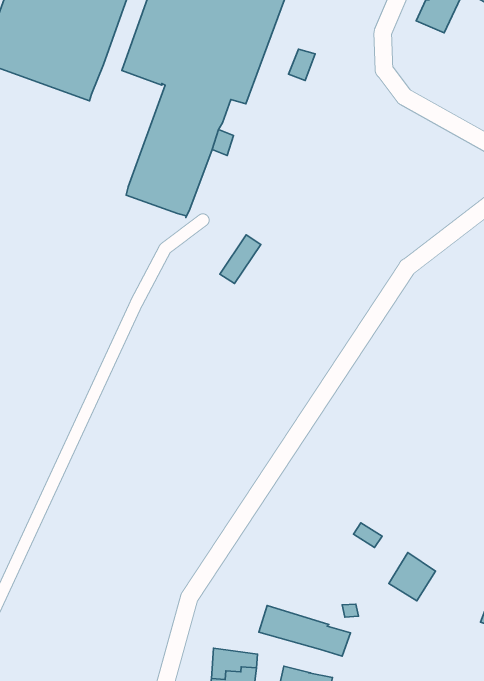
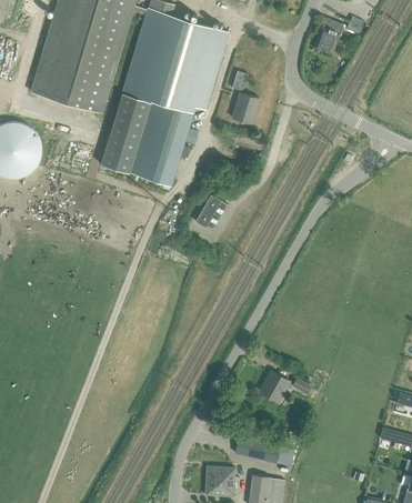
building: none -> [101,93,151,174]
building: none -> [232,93,259,124]
building: [389,553,436,601] -> [259,371,289,402]

